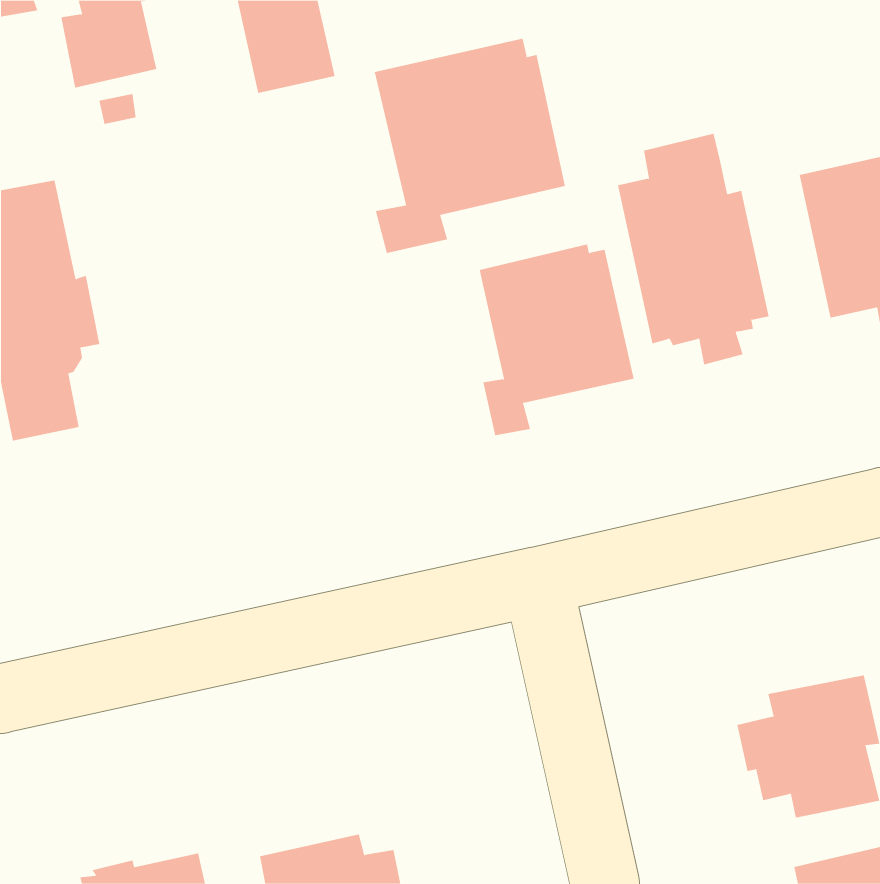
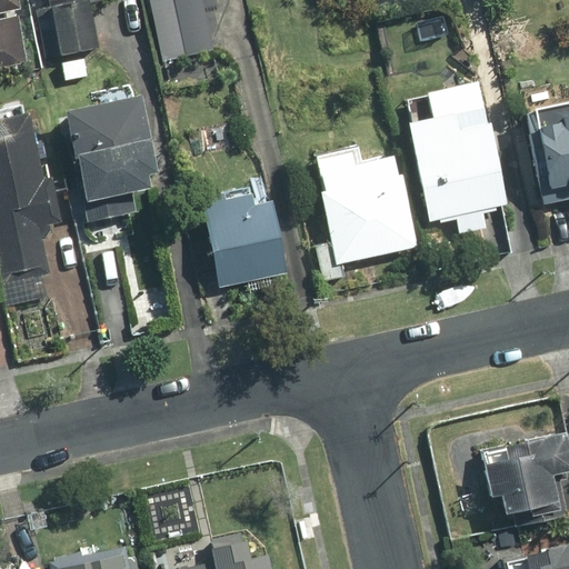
building: [374,38,565,254] -> none
building: none -> [70,100,161,220]
building: none -> [204,193,291,287]

